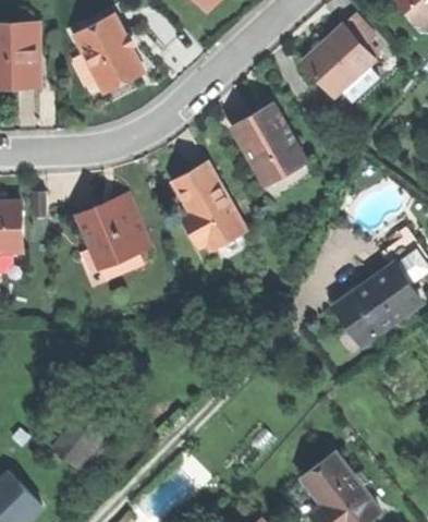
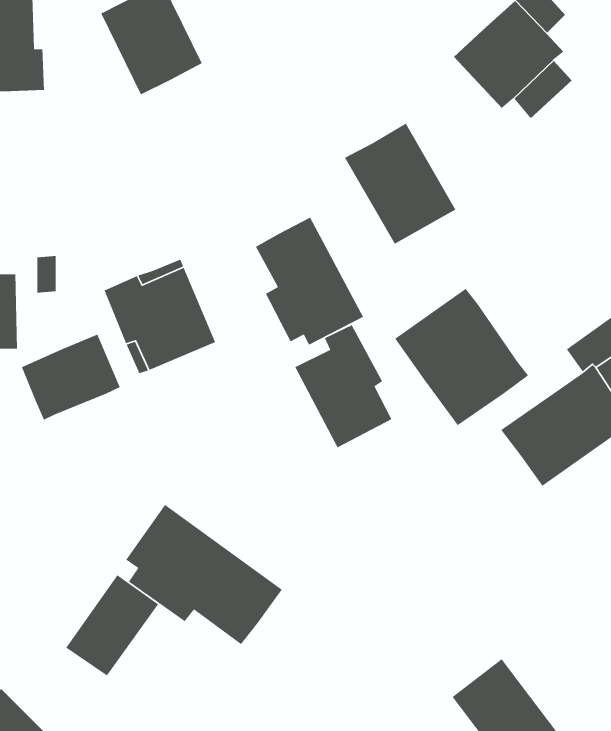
building: none -> [394,288,529,426]
building: none -> [294,324,392,448]
building: none -> [21,334,121,421]
building: none -> [125,504,283,645]

